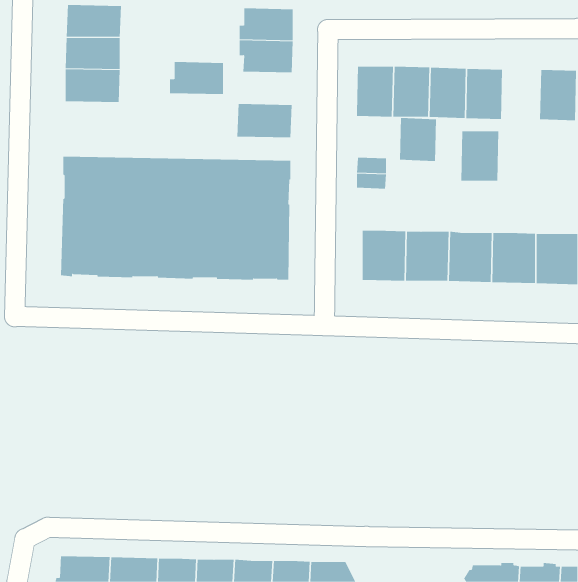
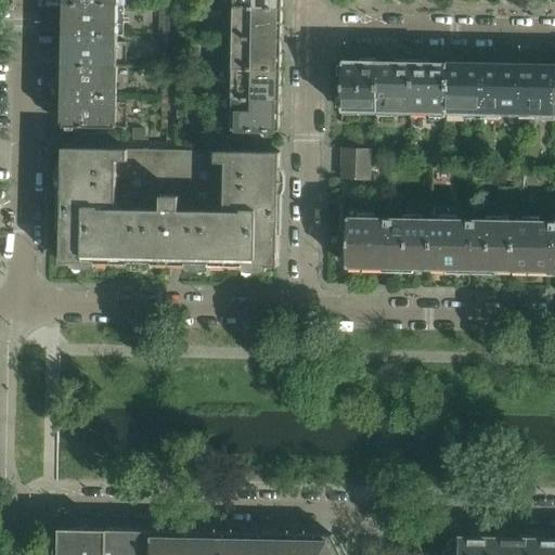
building: [169,62,224,95] -> [227,68,279,100]
building: none -> [61,96,114,128]
building: [399,117,436,162] -> none
building: [460,131,499,181] -> [478,66,515,114]

